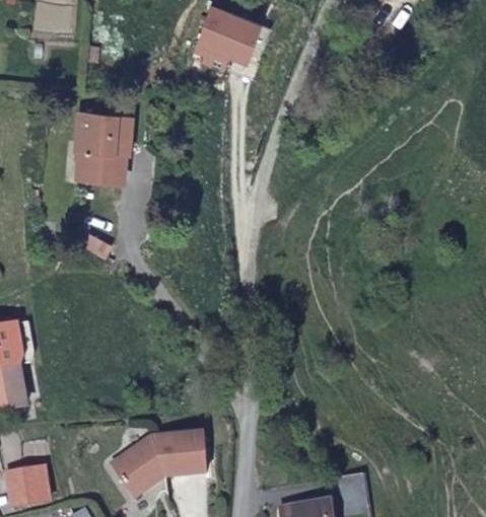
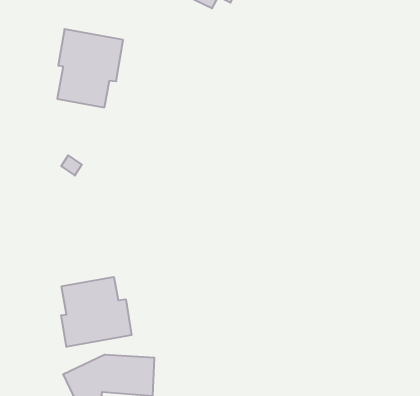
building: none -> [61,277,131,347]

